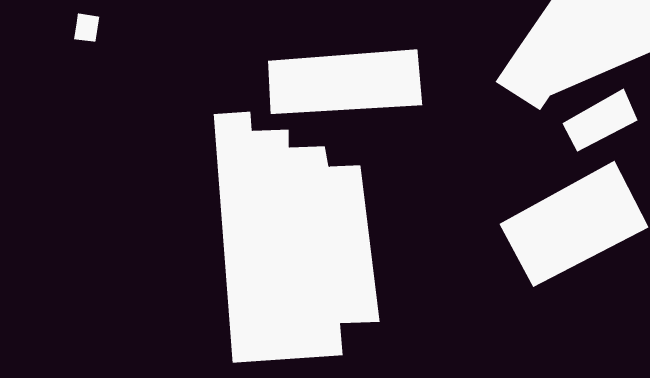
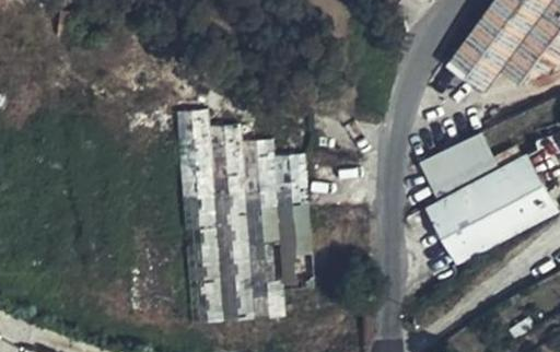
building: [267,49,423,115] -> none
building: [561,87,638,153] -> [420,142,486,198]

